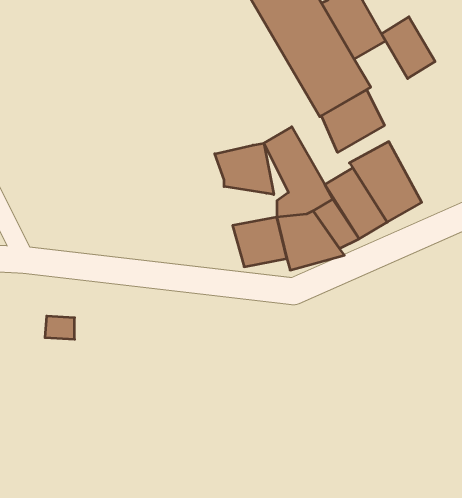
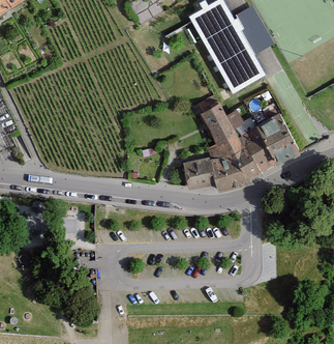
building: [382,17,435,79] -> none
building: [321,90,384,152] -> none
building: [215,143,274,195] -> none

